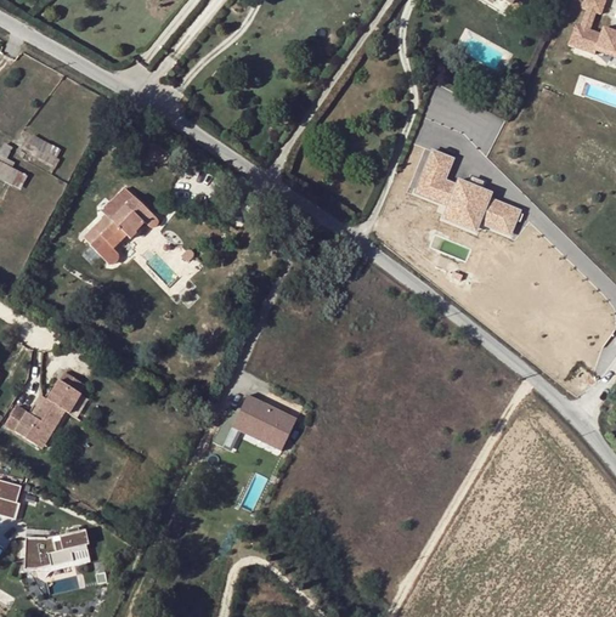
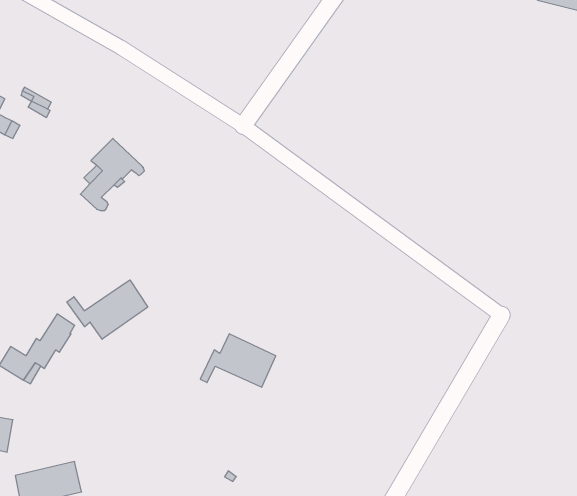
building: [413,147,521,234] -> none
building: none -> [67,280,148,339]

